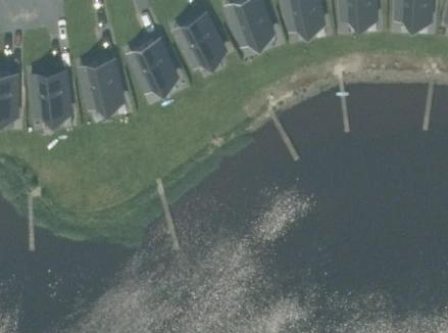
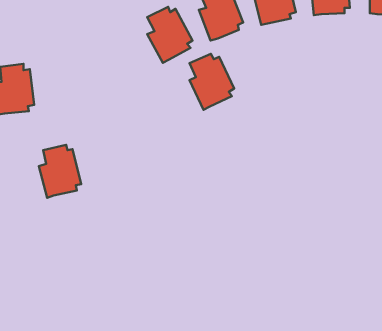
building: [134,42,177,96] -> [190,54,234,110]
building: [83,61,123,112] -> [39,145,81,198]

